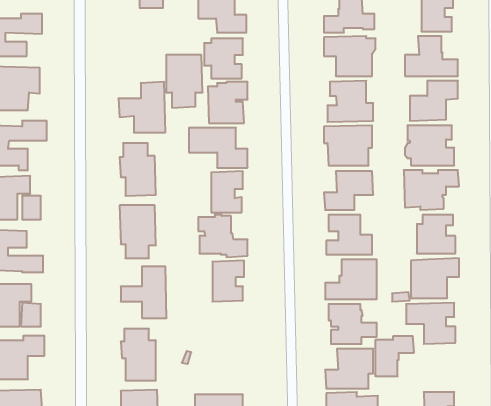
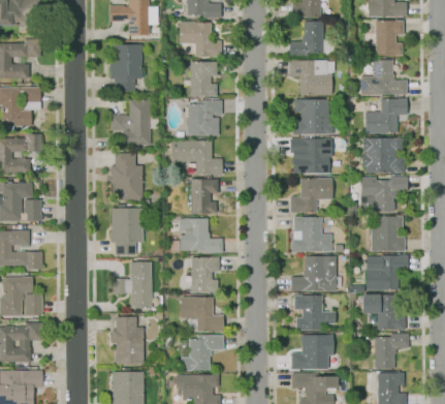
building: [166,55,203,108] -> [109,45,141,92]
building: none -> [182,297,224,331]
building: [375,336,414,376] -> [376,333,410,368]
building: none -> [181,335,224,371]

